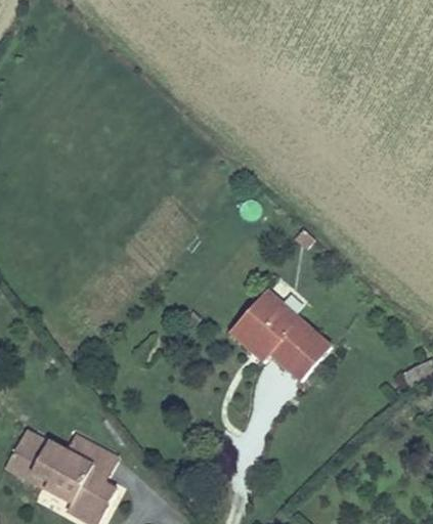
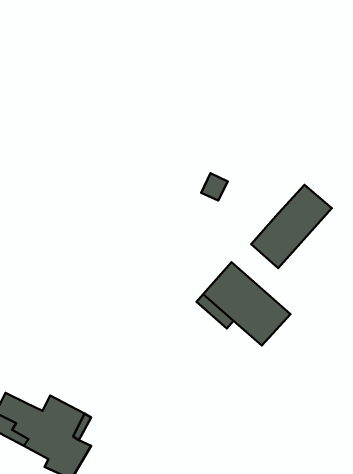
building: none -> [251,185,332,268]

